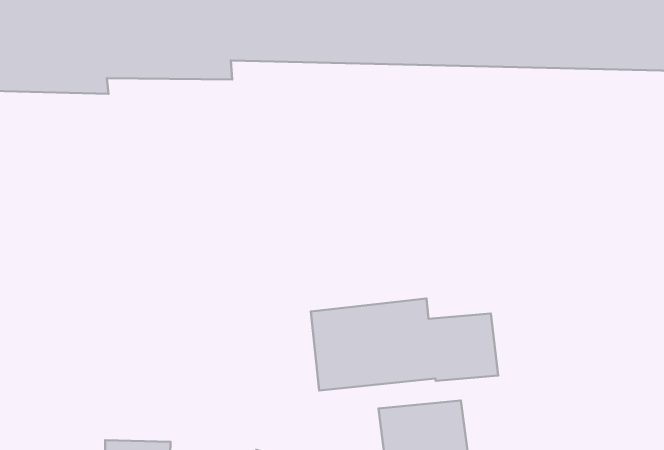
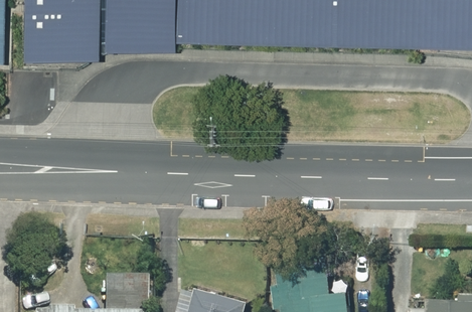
building: [311,299,498,390] -> none

